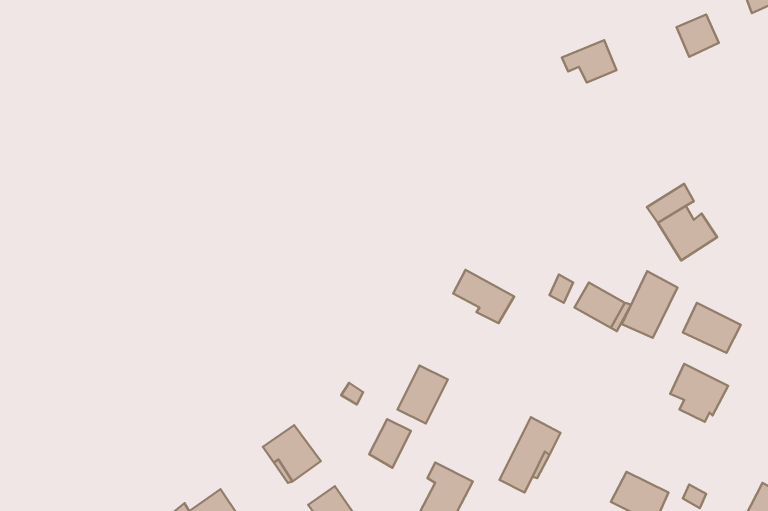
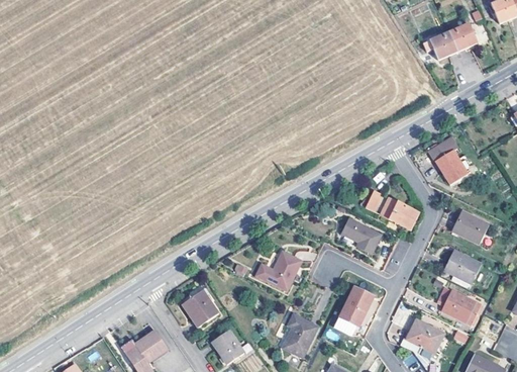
building: [562,40,617,83] -> [421,32,456,60]
building: [453,270,514,323] -> [342,217,382,252]
building: [622,271,677,338] -> none
building: [369,419,411,468] -> none
building: none -> [437,286,481,323]

